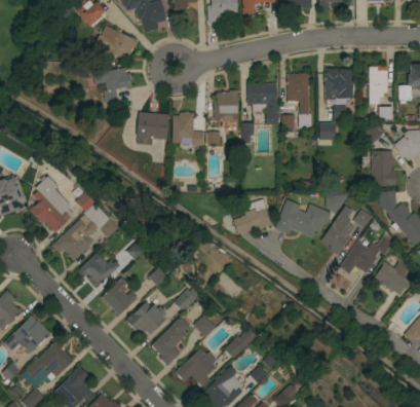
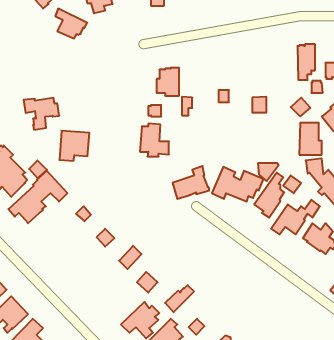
building: [93,68,132,103] -> [24,98,59,130]
building: [324,69,347,118] -> none
building: [288,73,312,128] -> none
building: [247,83,277,124] -> none
building: [137,112,169,145] -> [59,131,89,161]
building: [171,112,203,148] -> [140,124,169,156]
building: [77,252,120,286] -> none
building: [102,276,138,316] -> none
building: [126,302,166,334] -> none
building: [154,317,190,366] -> none

